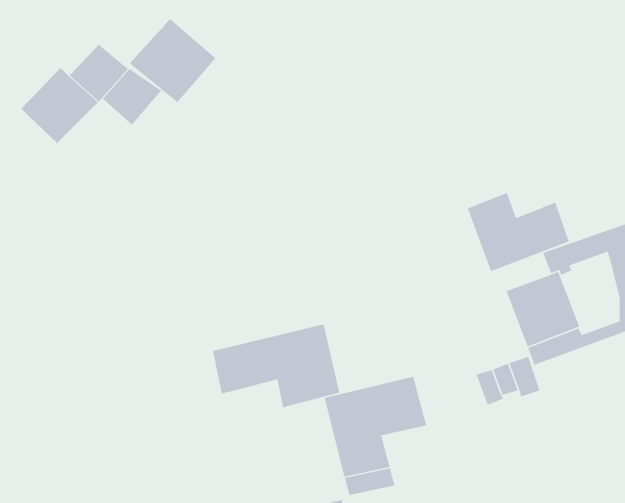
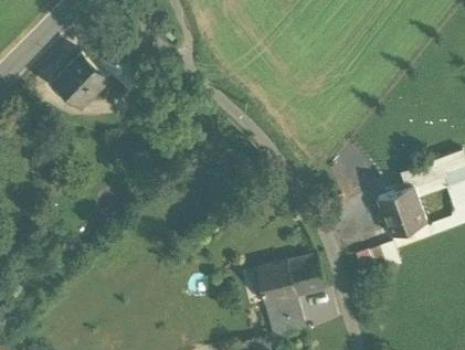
building: [129,18,217,103] -> none
building: [467,192,570,272] -> none
building: [212,323,340,408] -> none

